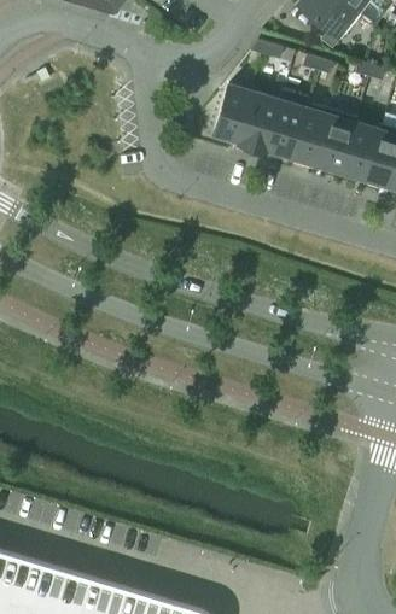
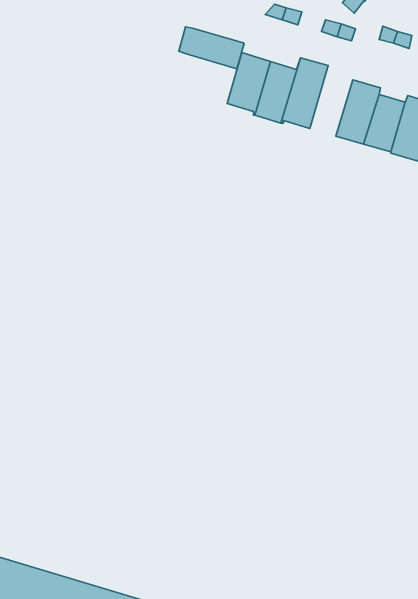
building: none -> [179,27,244,69]
building: [291,97,331,162] -> none

